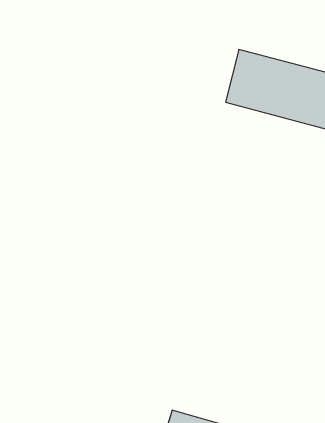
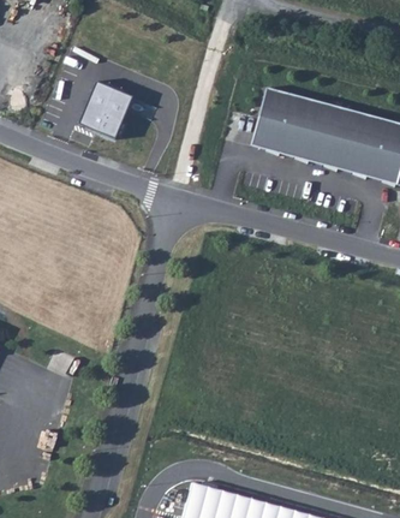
building: none -> [80,85,135,143]

